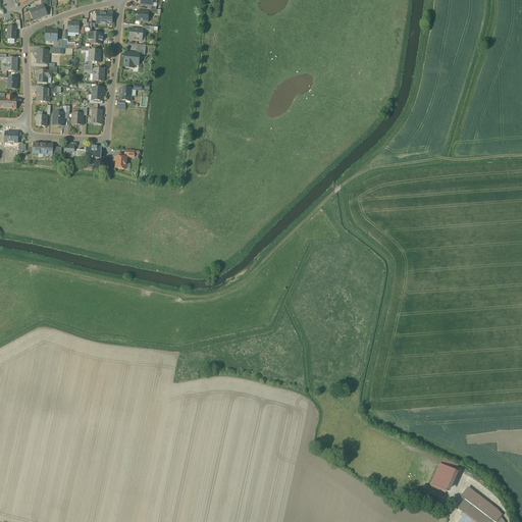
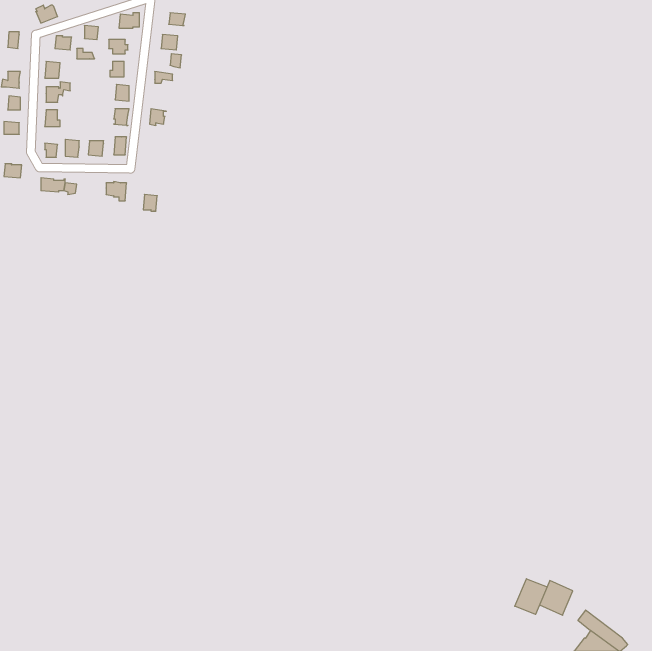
building: none -> [515,579,547,614]

